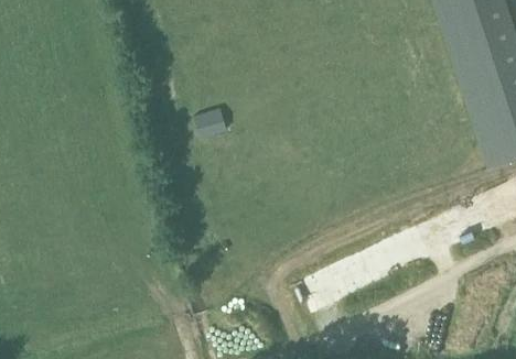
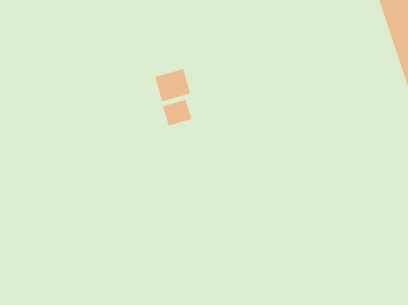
building: none -> [155,68,191,102]

